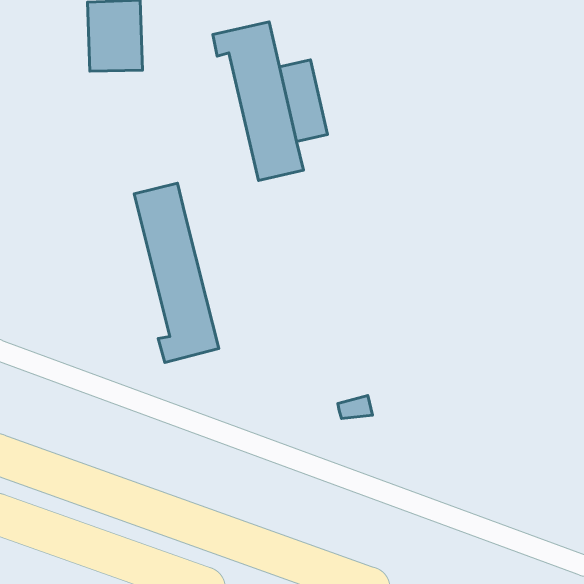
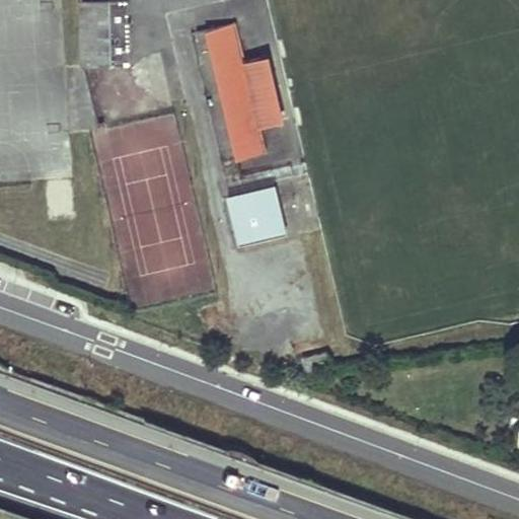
building: [134,183,219,363] -> none
building: none -> [227,188,284,244]

